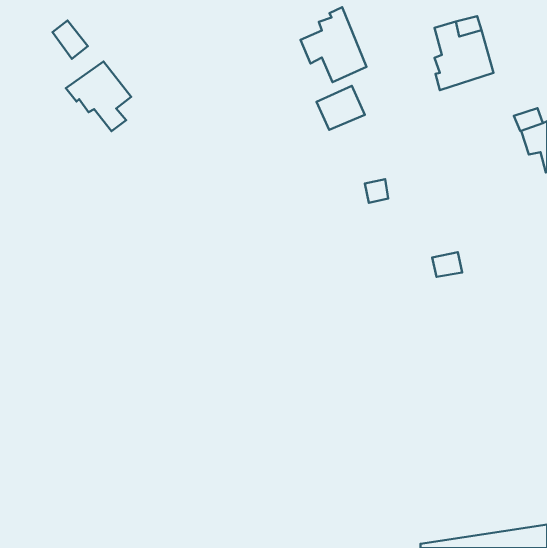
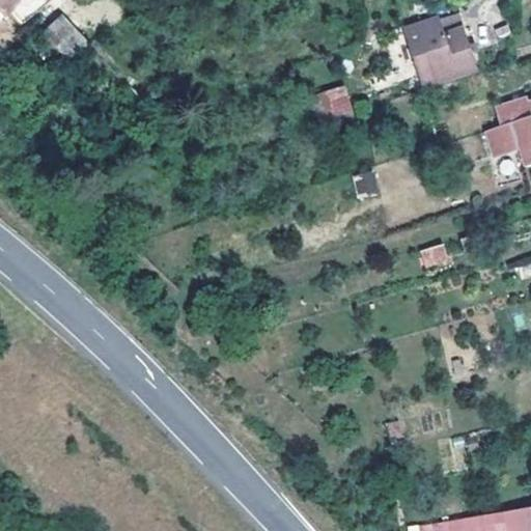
building: [300,7,367,82] -> none
building: [66,62,131,131] -> none

